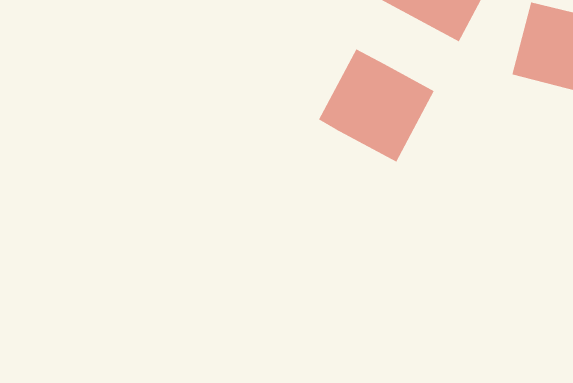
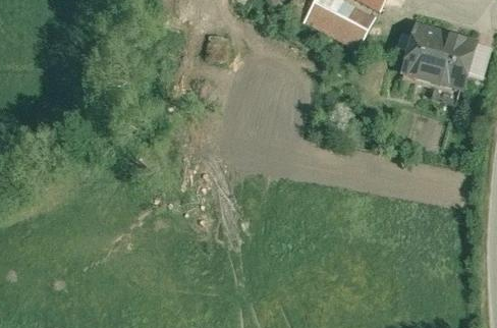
building: [318,48,434,162] -> none

